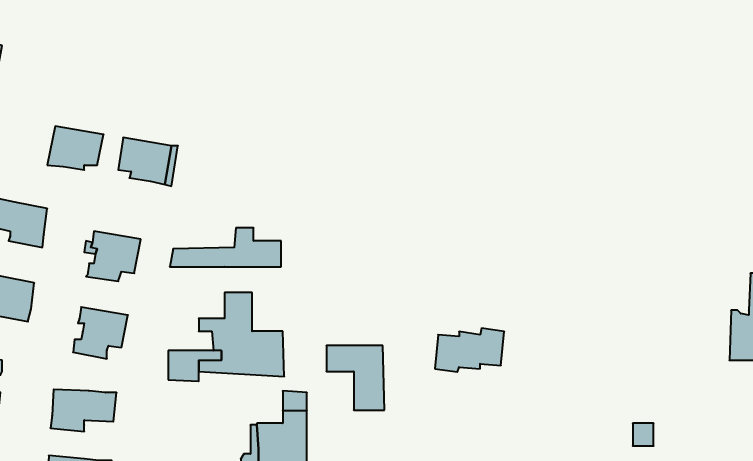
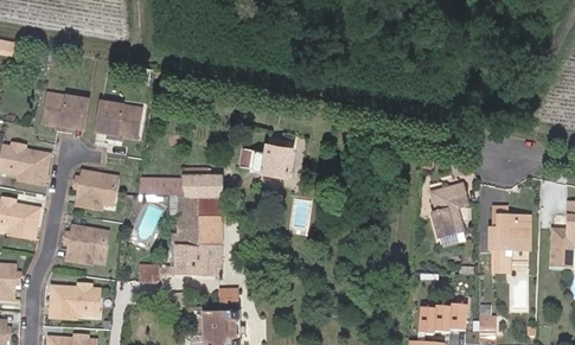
building: none -> [239,142,292,173]
building: none -> [428,183,465,235]
building: none -> [490,203,525,268]
building: [435,328,504,372] -> [417,301,468,333]
building: [326,346,384,410] -> [178,197,221,244]

